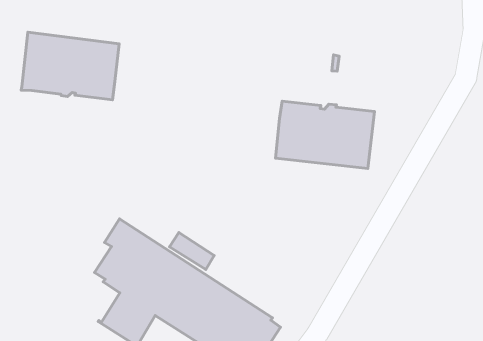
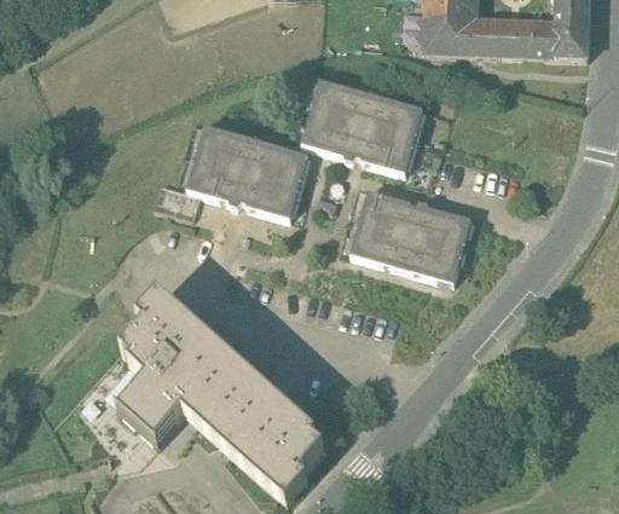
building: none -> [302,79,422,172]
building: [21,32,119,100] -> [186,123,307,216]

